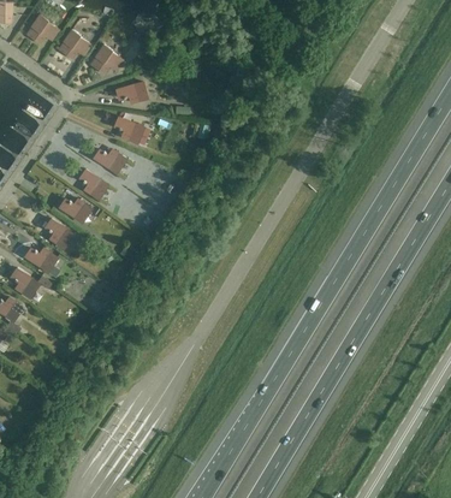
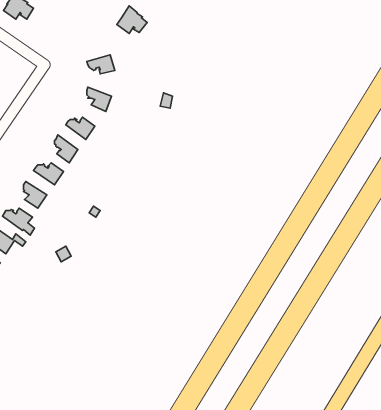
building: [58,29,91,59] -> none
building: [90,43,123,73] -> [117,6,147,34]

